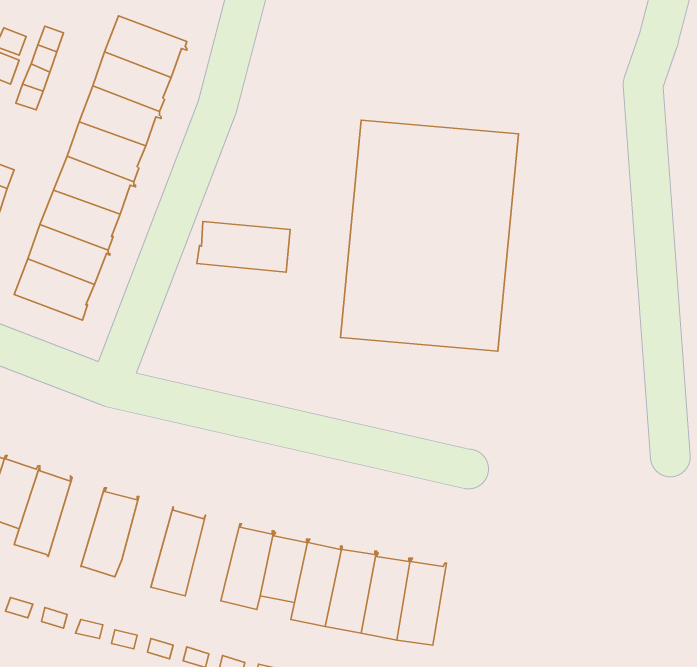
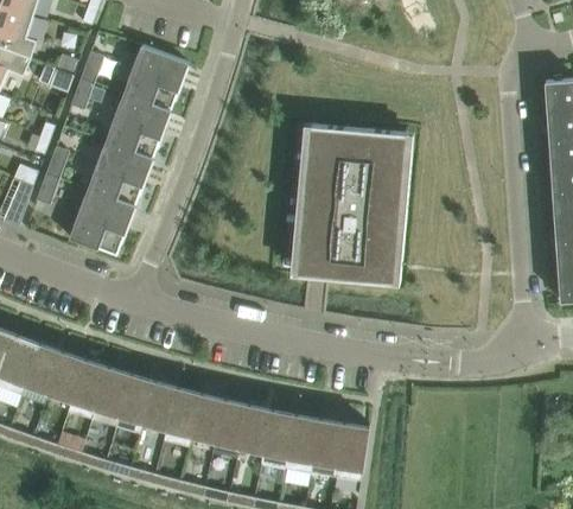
building: [197,221,290,272] -> none
building: none -> [91,365,130,427]
building: none -> [142,378,178,441]
building: none -> [186,392,224,447]

